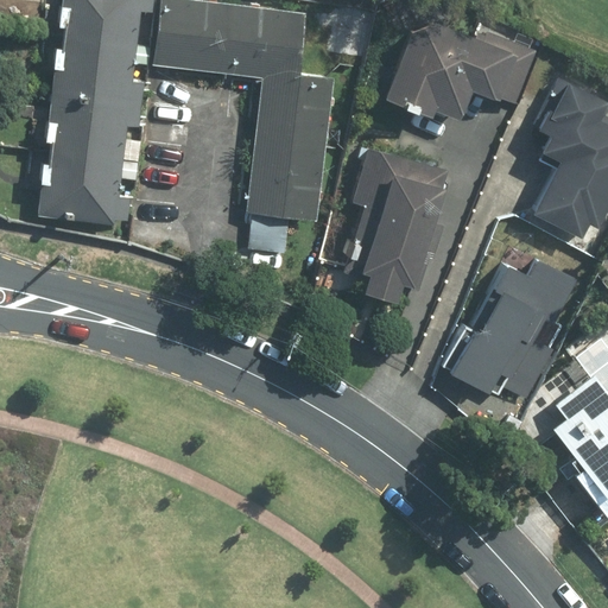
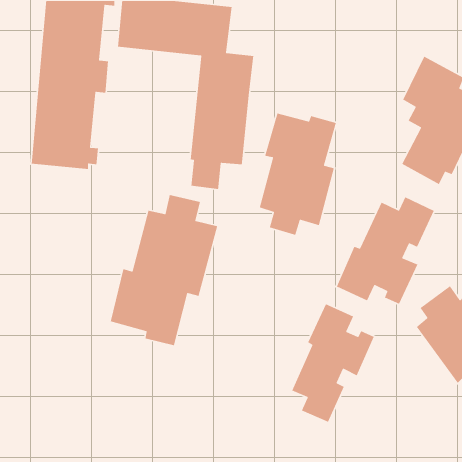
building: [380,7,542,129] -> none
building: none -> [110,194,218,346]
building: none -> [291,303,375,423]

